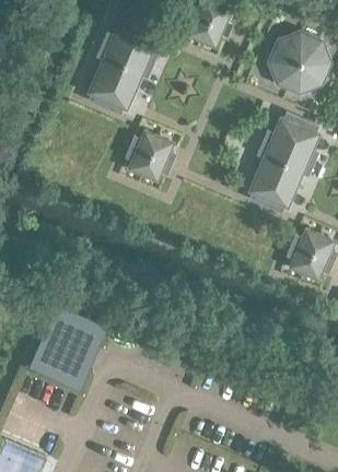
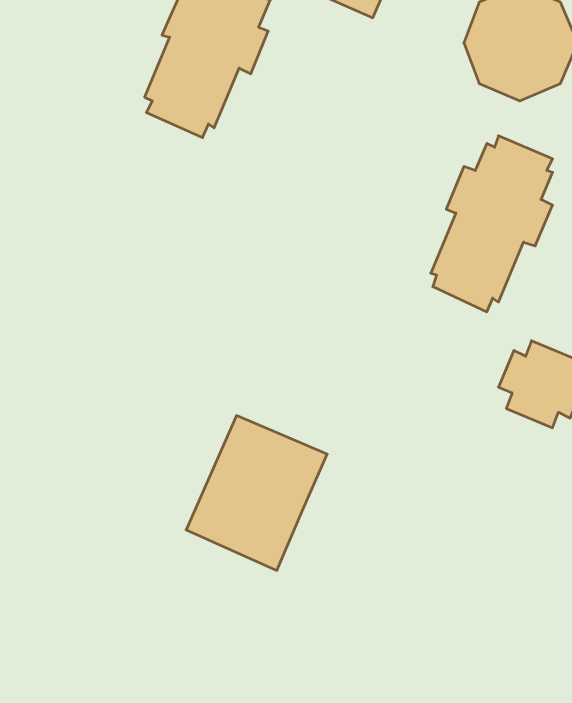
building: [123,129,175,181] -> none
building: [27,305,107,392] -> [186,416,327,570]

